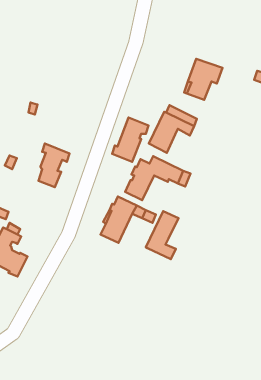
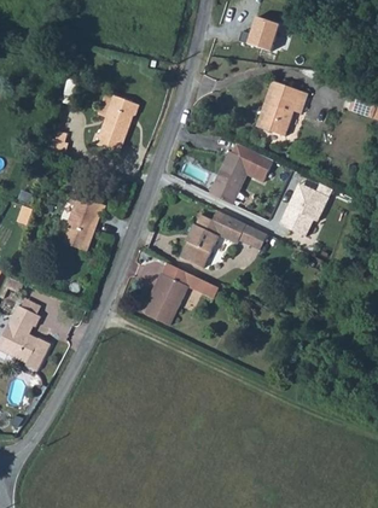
building: none -> [246,14,278,48]
building: [112,117,149,162] -> [93,95,141,154]
building: none -> [279,183,332,237]
building: [146,211,178,259] -> none

